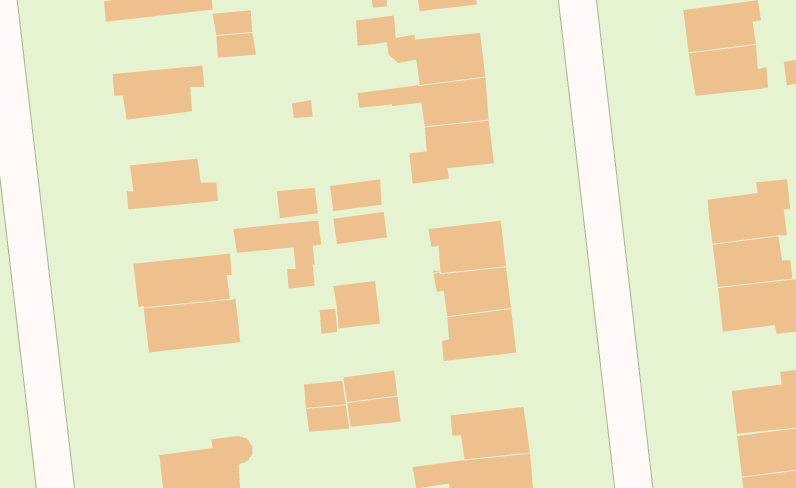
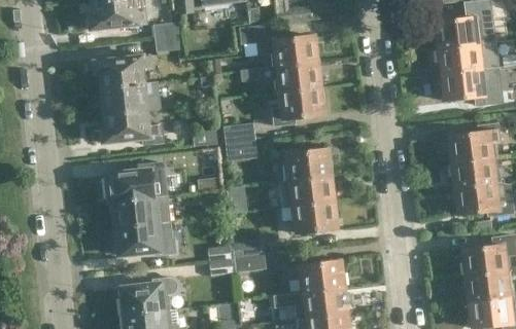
building: none -> [442,70,490,101]
building: none -> [102,83,151,115]
building: none -> [115,221,177,254]

